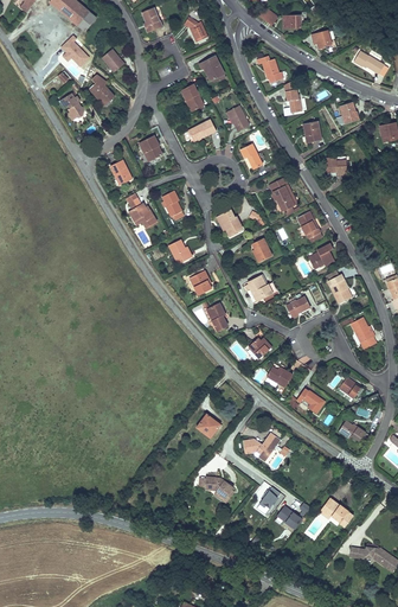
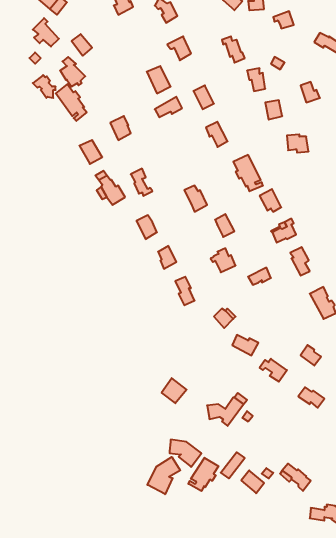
building: none -> [56,84,87,121]
building: none -> [147,457,180,494]
building: none -> [188,458,218,491]

